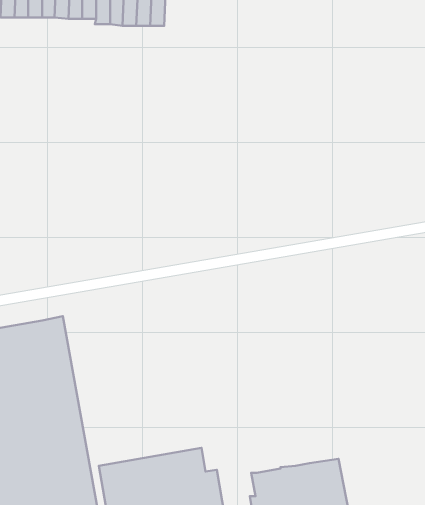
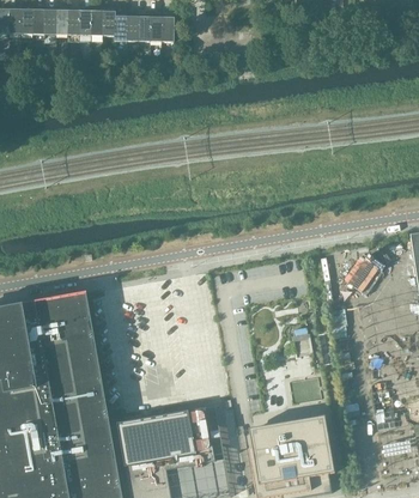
building: none -> [342,250,385,294]

